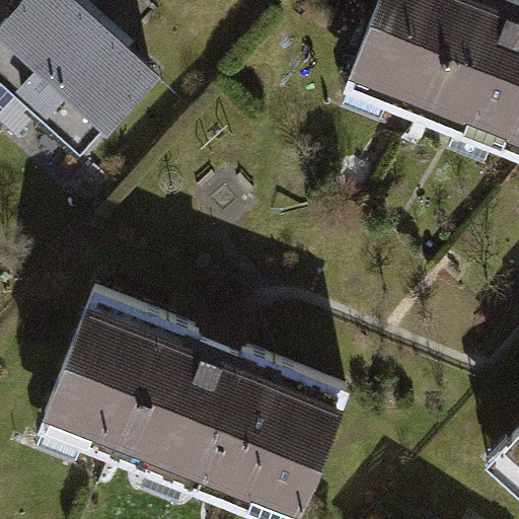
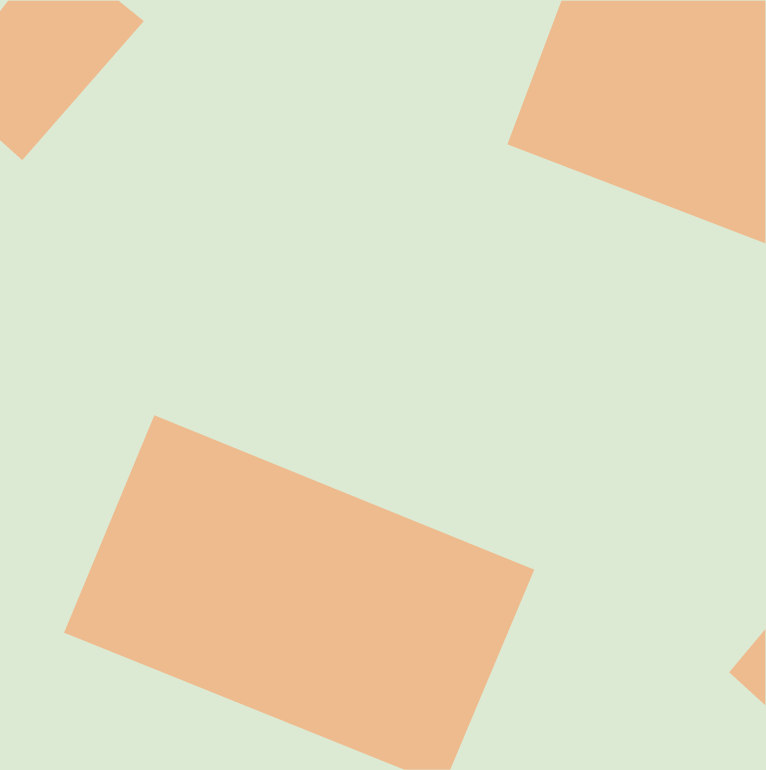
building: [15,14,157,160] -> none

